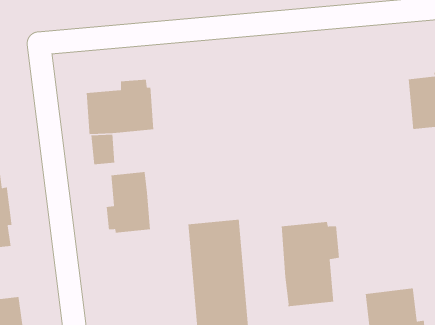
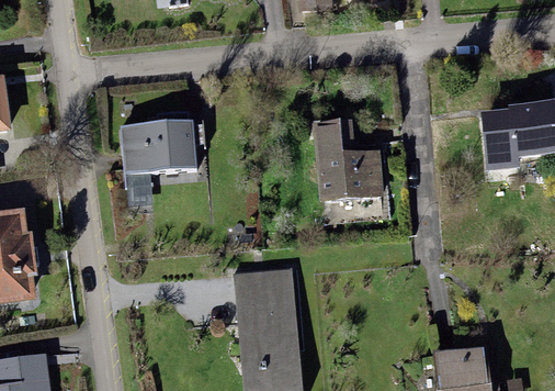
building: none -> [310,119,383,202]
building: [106,171,151,233] -> none
building: [281,221,340,307] -> none

